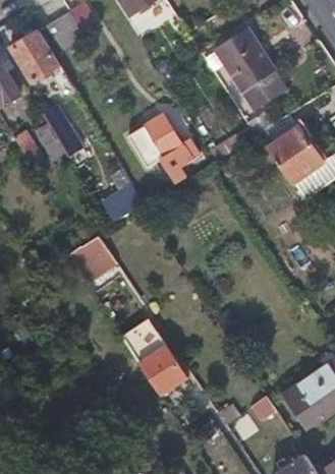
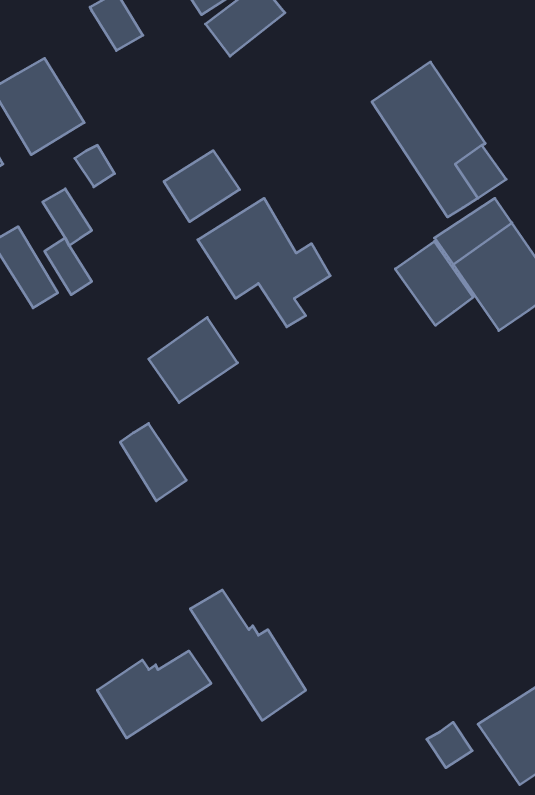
building: [46,12,85,51] -> none
building: none -> [164,151,240,222]
building: none -> [395,241,473,325]
building: none -> [97,651,211,738]

